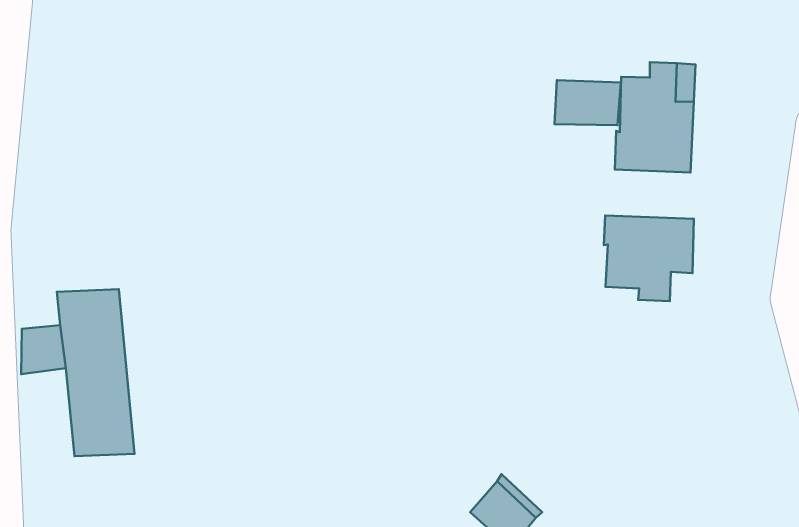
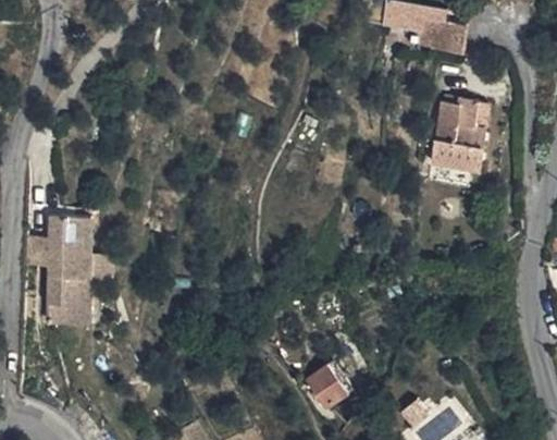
building: [555,80,621,125] -> none
building: [604,216,694,301] -> none

